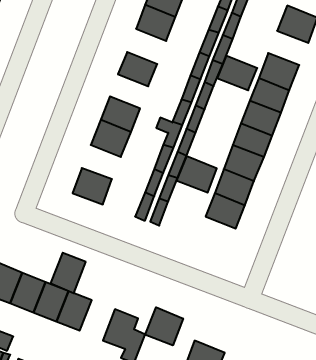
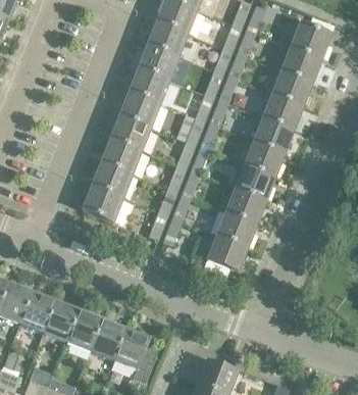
building: none -> [139,45,178,81]
building: [217,56,257,90] -> [282,47,322,82]
building: none -> [121,91,160,126]
building: none -> [93,162,133,197]
building: [176,156,217,193] -> [208,235,249,271]
building: [51,253,86,293] -> [91,319,126,360]
building: [145,307,183,345] -> none

